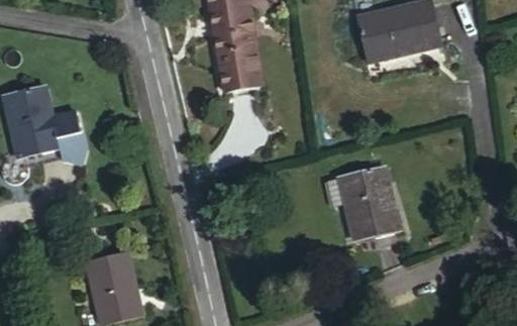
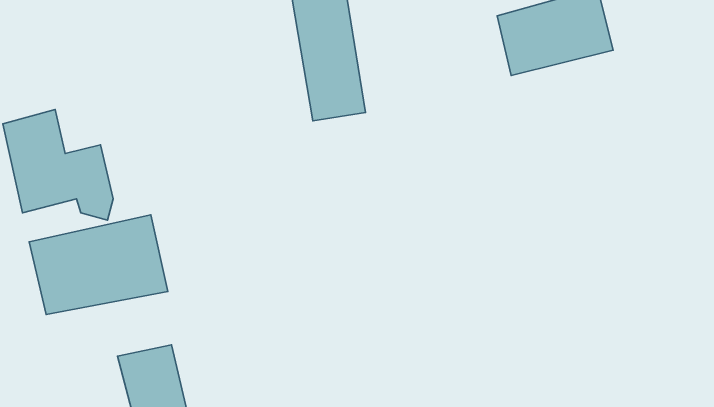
building: none -> [29,215,168,315]
building: [326,167,398,239] -> none

